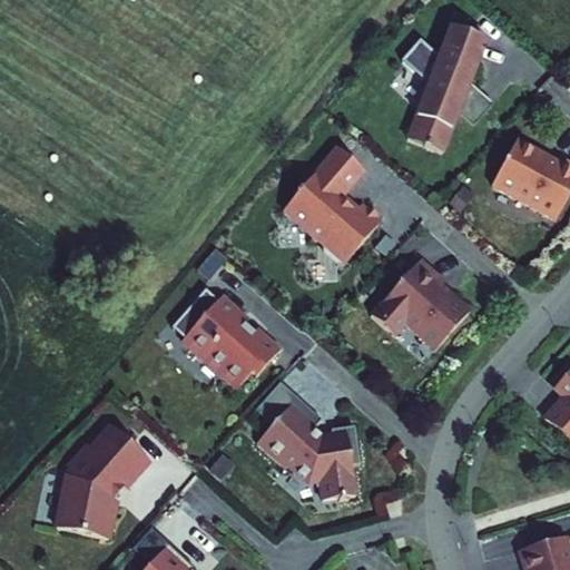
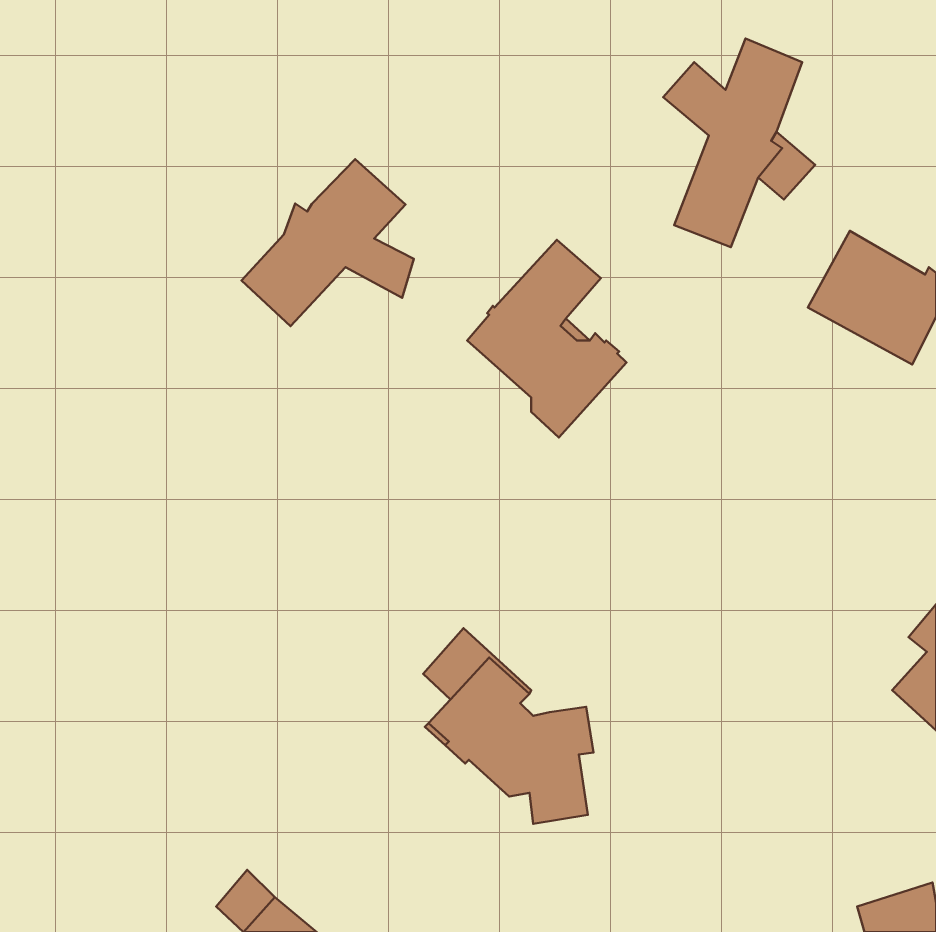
building: none -> [242,159,414,326]
building: [373,257,472,347] -> none
building: [171,287,279,385] -> none
building: [55,424,149,537] -> none

